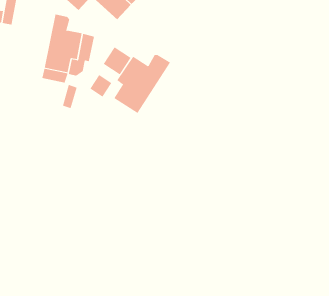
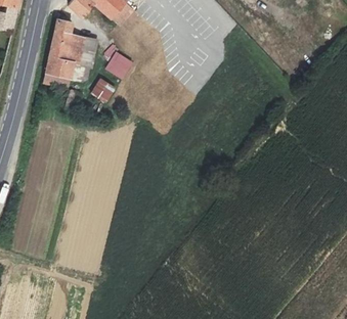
building: [114,54,171,114] -> none

